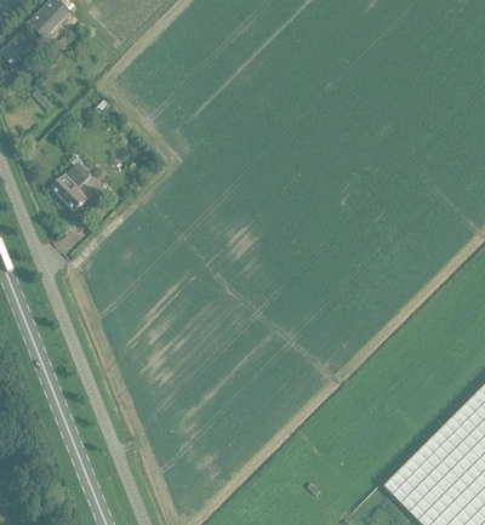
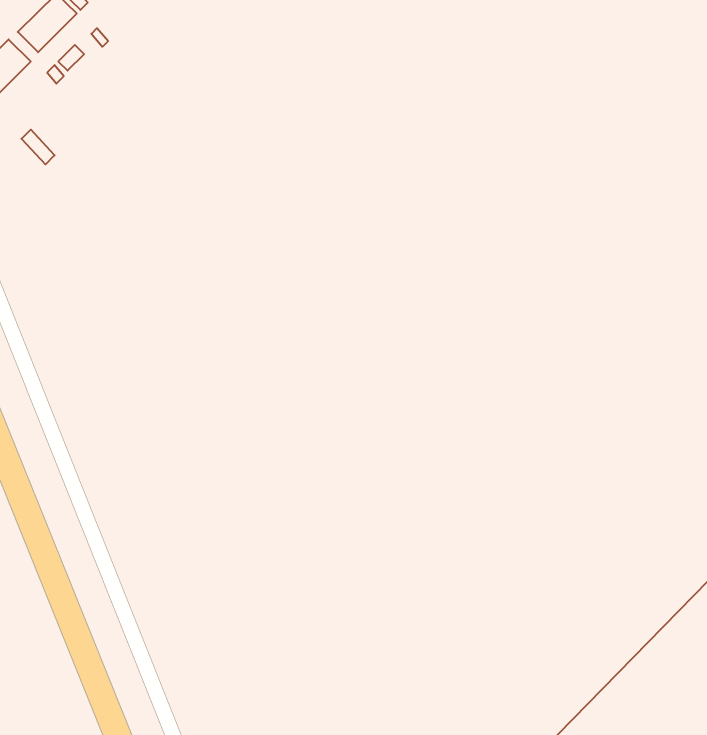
building: [52,161,91,211] -> none

